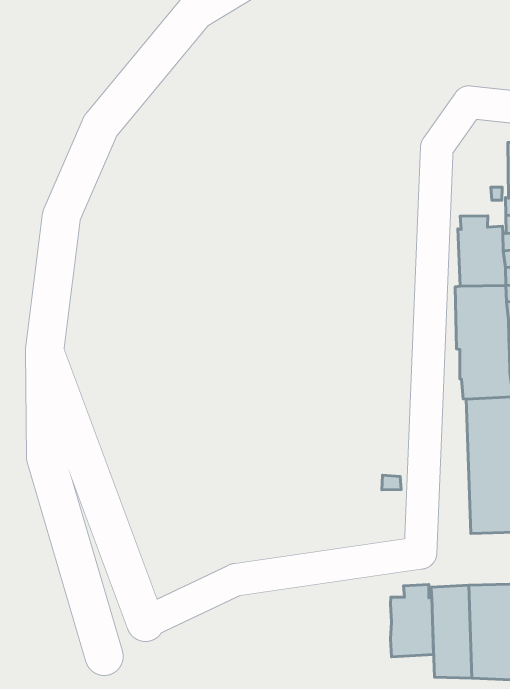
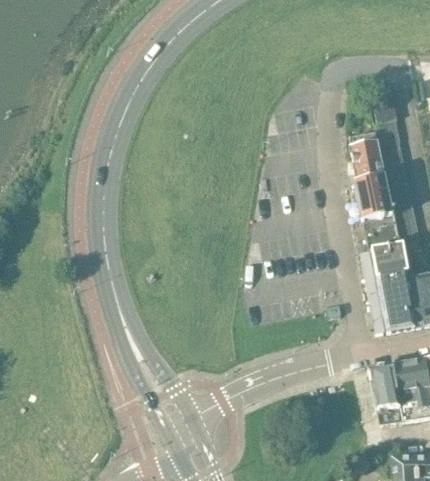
building: [391,584,433,657] -> none

